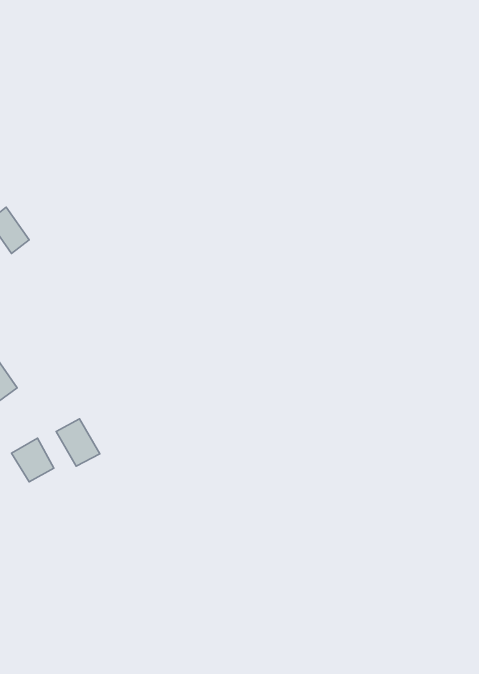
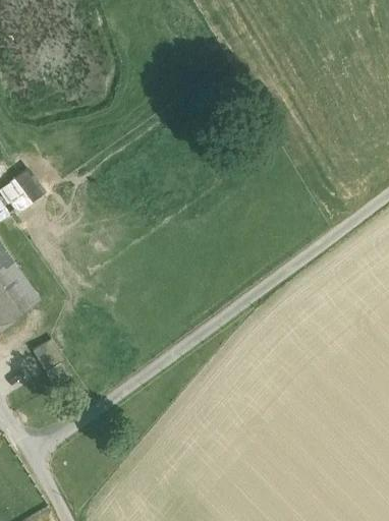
building: [56,419,100,466] -> none

